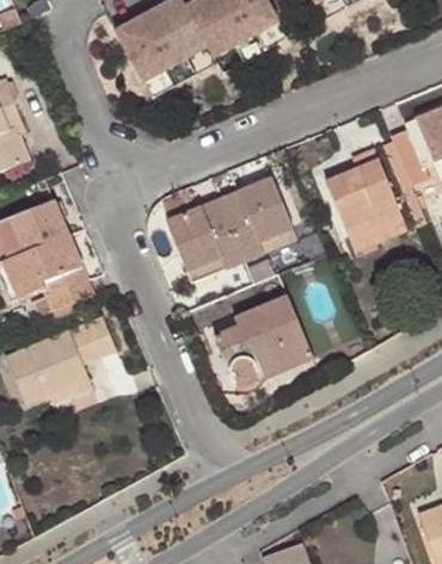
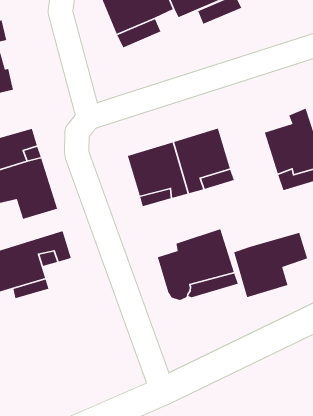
building: none -> [233,232,308,298]

